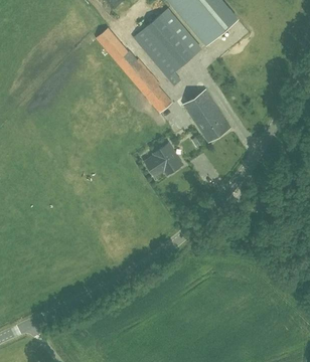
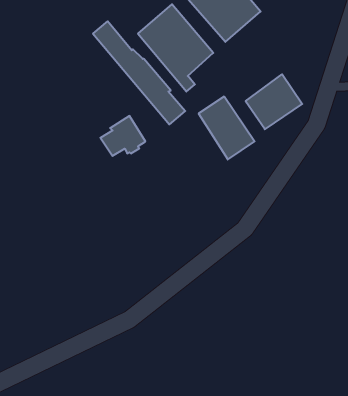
building: none -> [246,74,302,129]
building: [145,143,182,176] -> [100,116,145,156]

